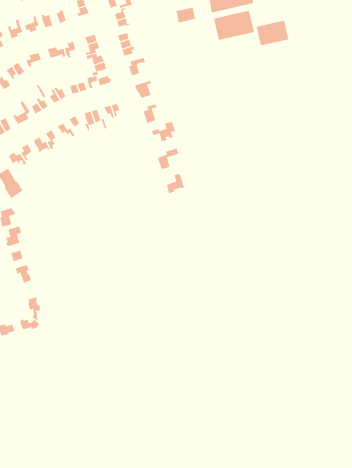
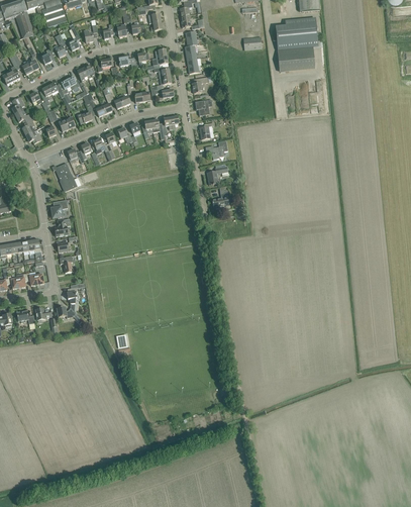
building: [256,20,289,46] -> none

